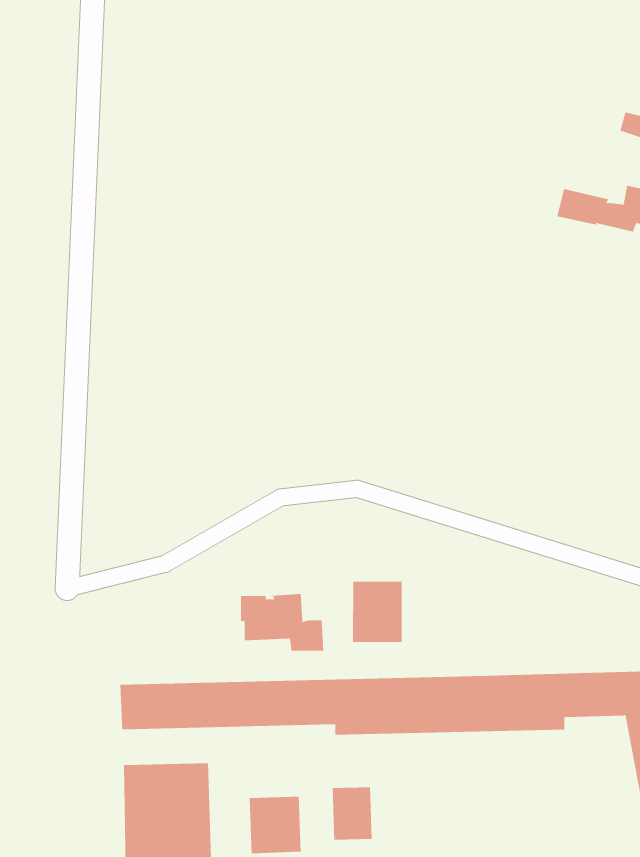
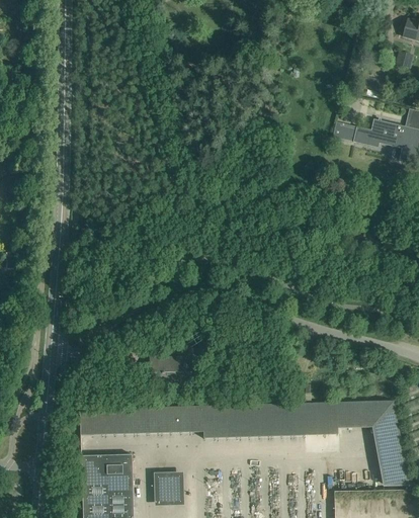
building: [353,581,402,643] -> none
building: [332,786,372,840] -> none

